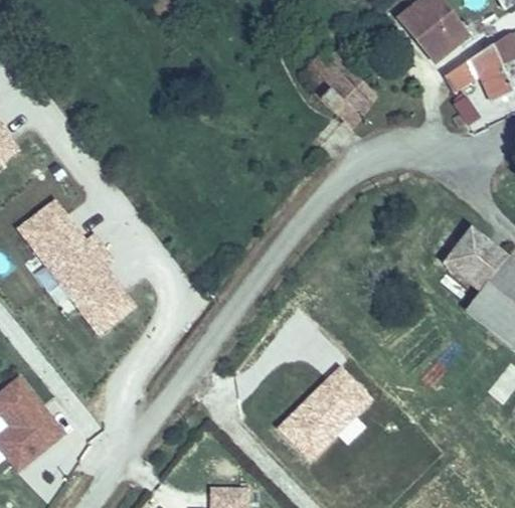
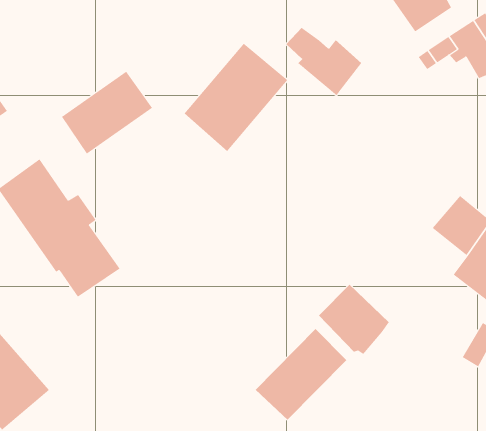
building: none -> [184,43,288,152]
building: none -> [61,71,153,154]
building: none -> [318,284,389,355]

